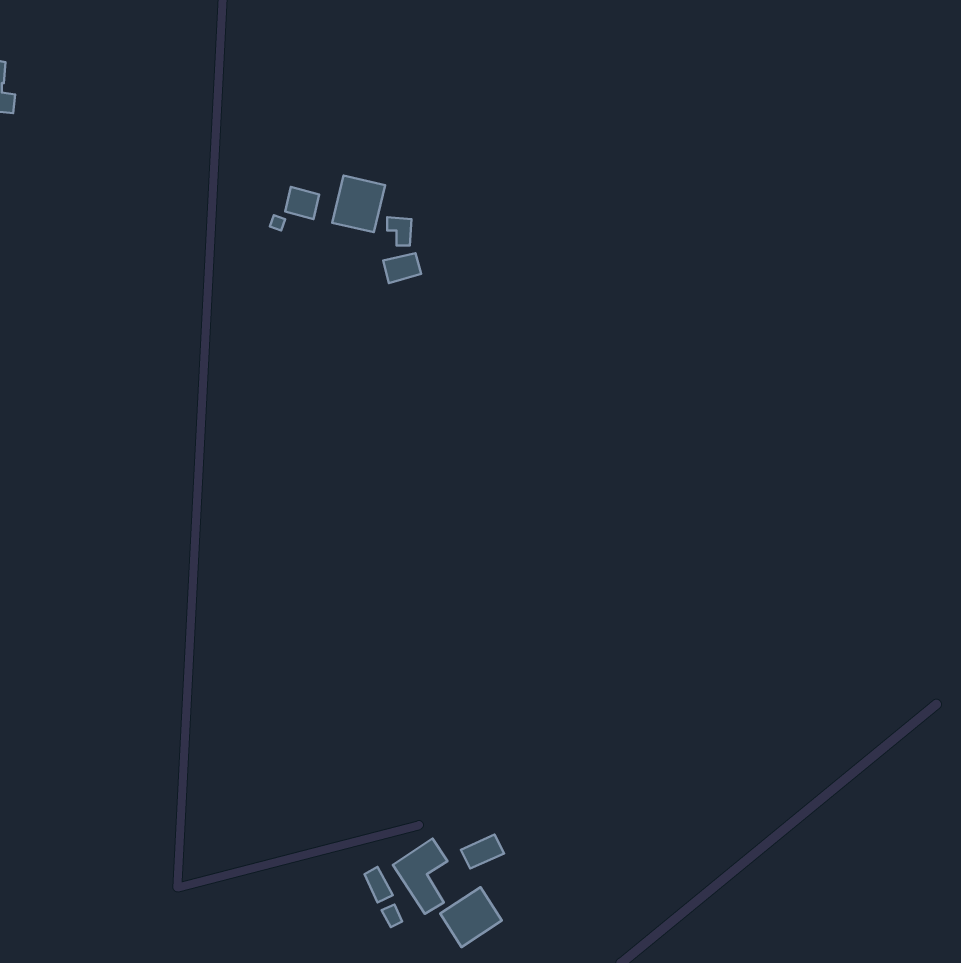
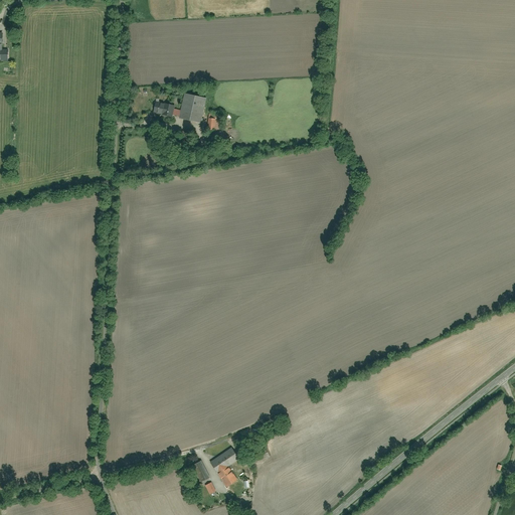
building: [440,887,502,947] -> none

